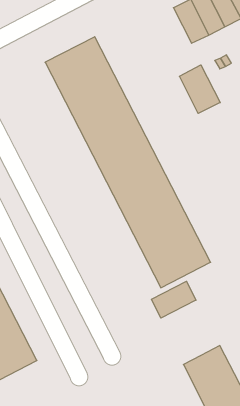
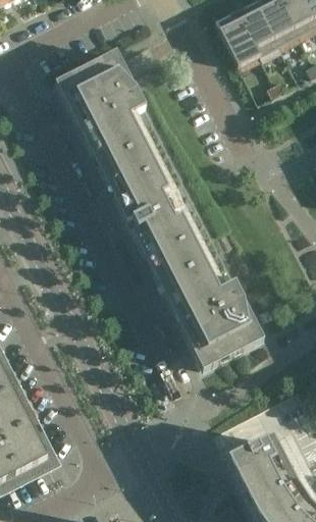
building: [179,65,220,113] -> none
building: [152,281,196,318] -> none

